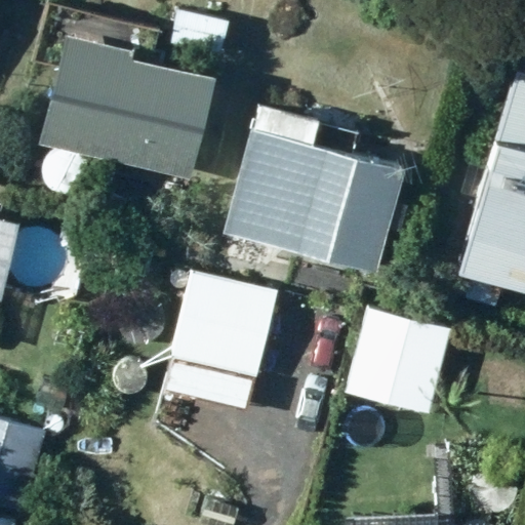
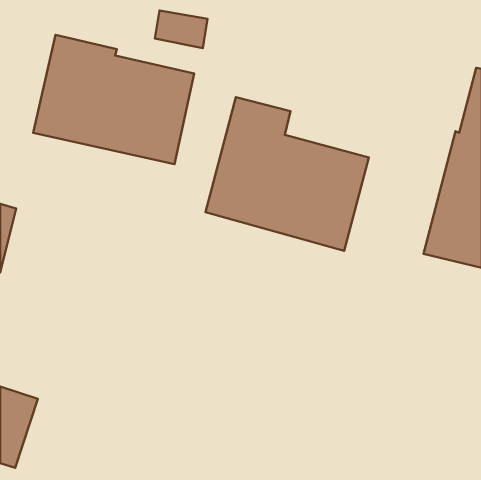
building: [160,269,277,413] -> none
building: [345,306,475,413] -> none

